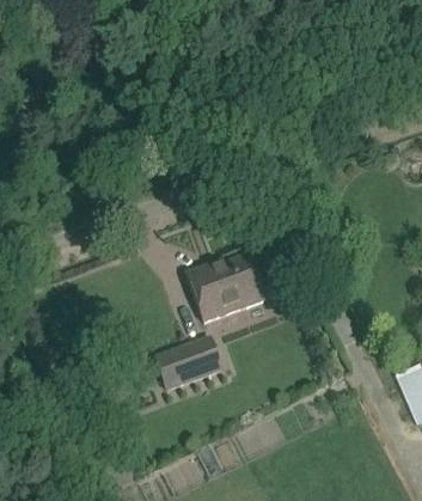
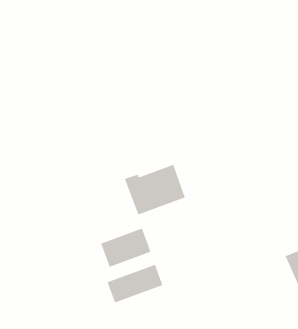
building: none -> [106,264,163,304]

